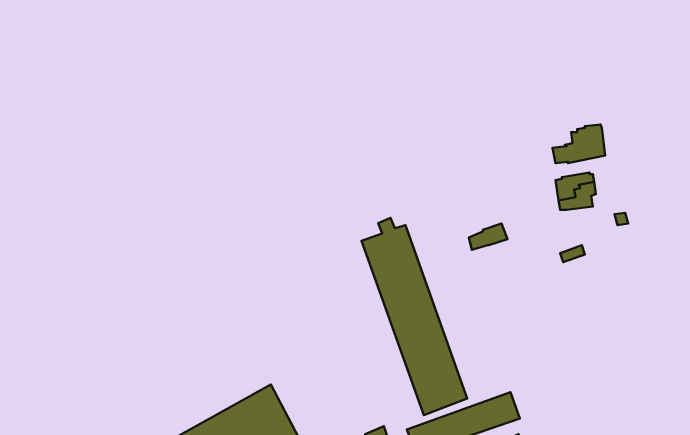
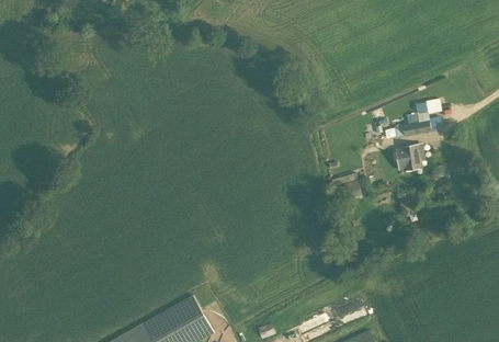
building: [362,218,467,415] -> none

